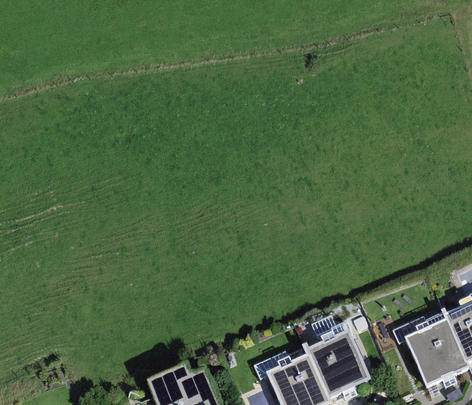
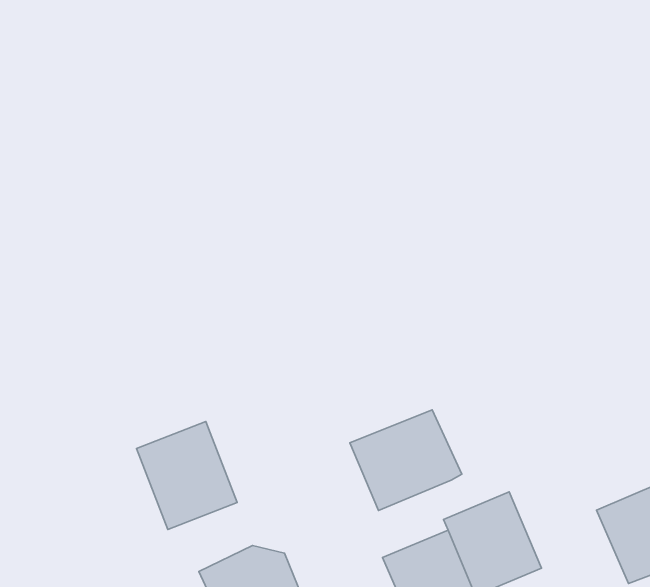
building: none -> [350,410,462,511]
building: none -> [136,421,237,529]

